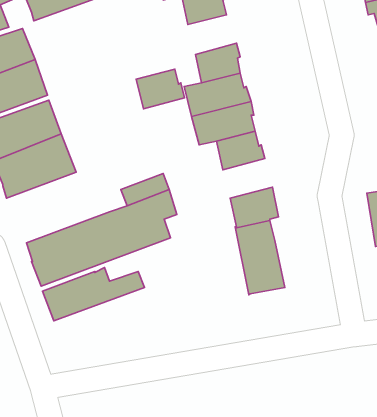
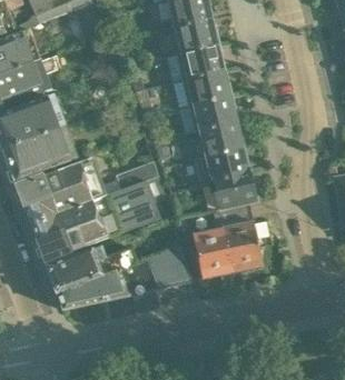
building: [136,69,185,109] -> [175,17,218,52]
building: none -> [196,146,250,183]
building: none -> [14,157,105,221]
building: none -> [191,207,231,277]
building: none -> [55,244,191,308]

